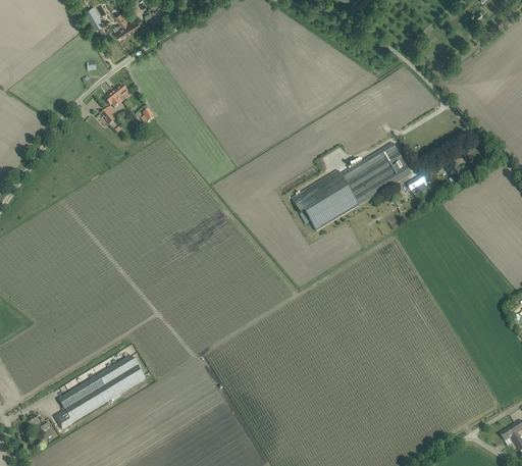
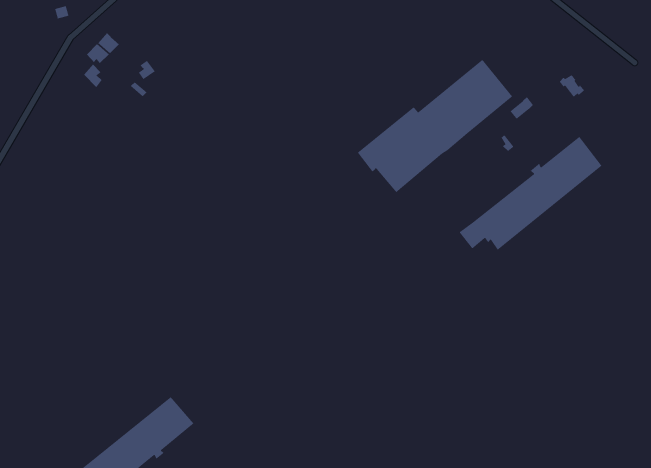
building: none -> [458,136,602,251]

